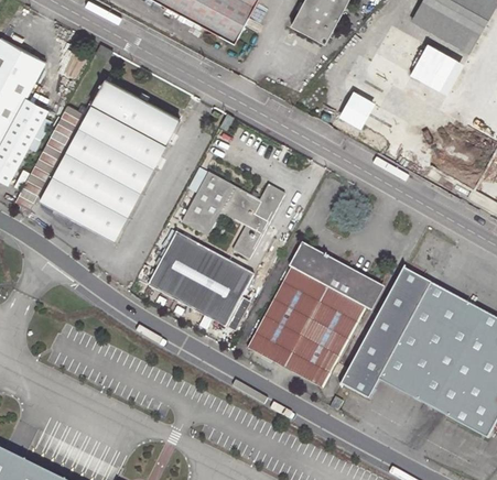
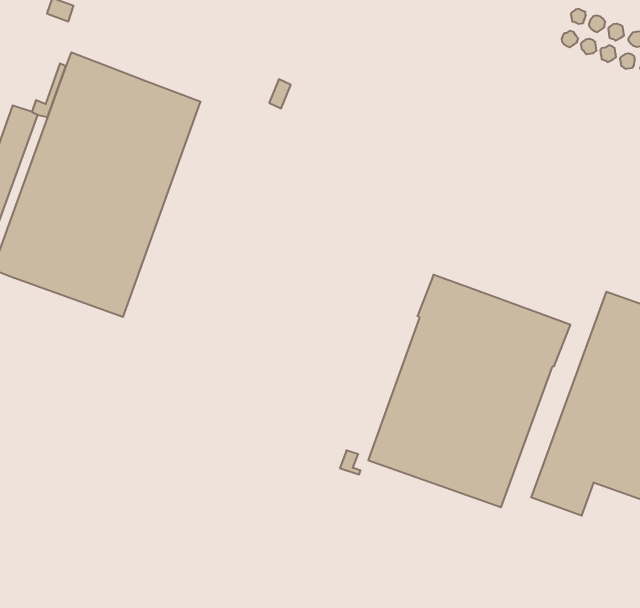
building: [343,95,371,127] -> none
building: [182,173,284,260] -> none
building: [149,233,253,328] -> none

